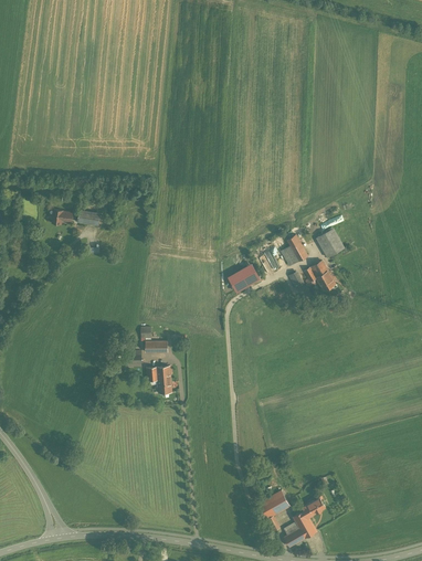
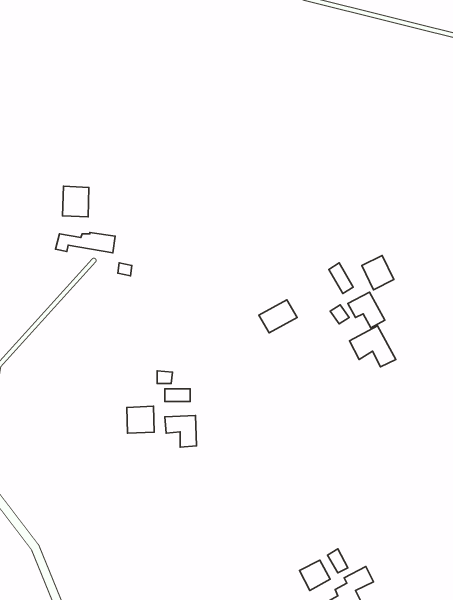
building: none -> [63,186,89,217]
building: none -> [350,326,396,367]
building: none -> [127,406,154,433]

